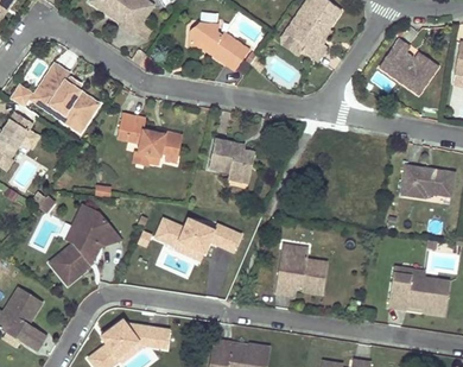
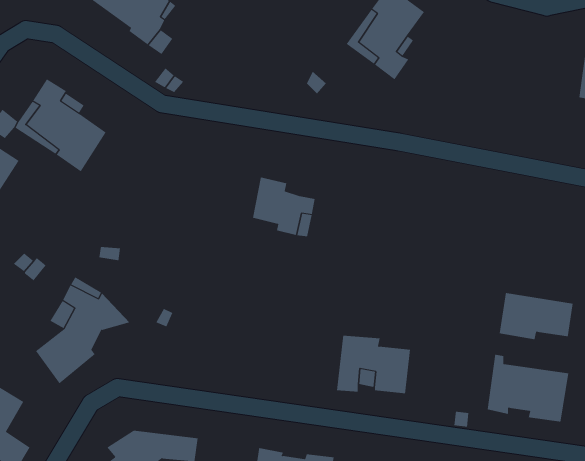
building: [185,21,248,71] -> none
building: [380,36,442,95] -> none
building: [118,114,184,167] -> none
building: [398,162,454,197] -> [499,292,573,340]
building: [153,219,243,253] -> none

